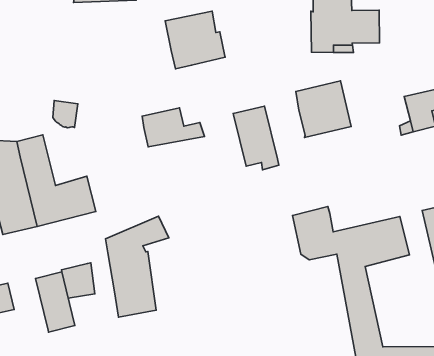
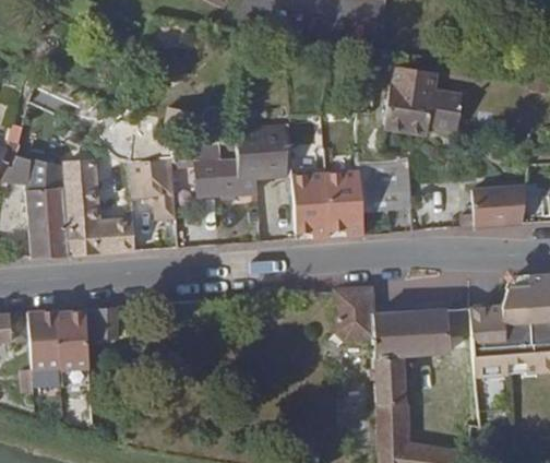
building: [165,11,225,69] -> [237,126,292,179]
building: none -> [326,170,364,235]
building: none -> [130,162,177,222]
building: [105,216,169,317] -> none
building: none -> [29,309,63,369]

